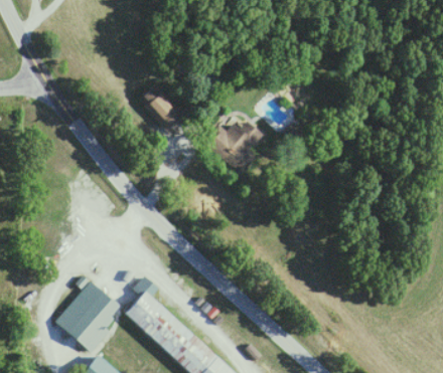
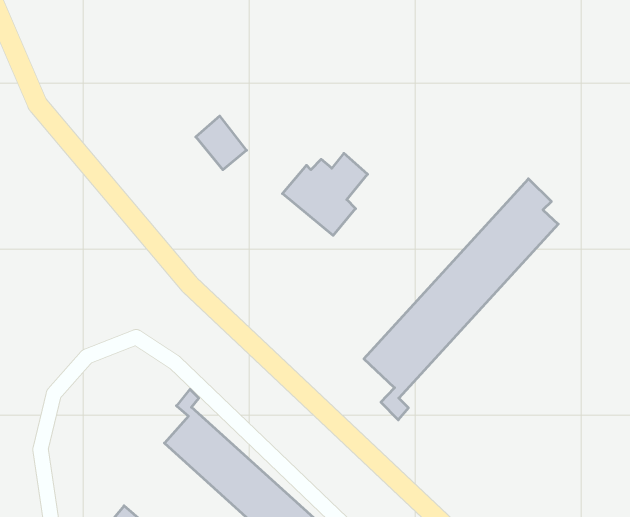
building: none -> [364,179,558,420]
building: [53,281,123,351] -> none

